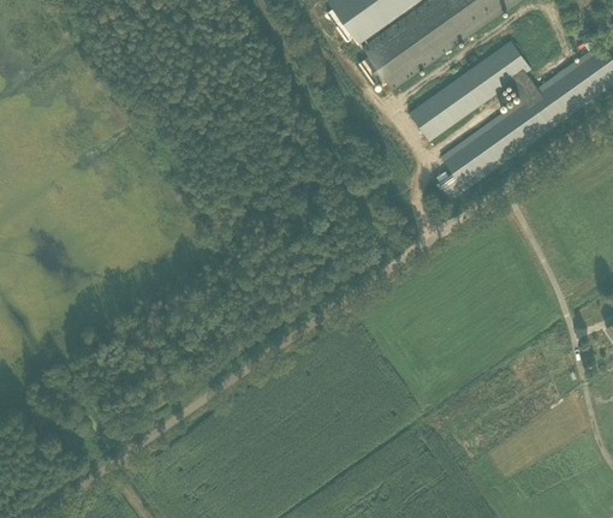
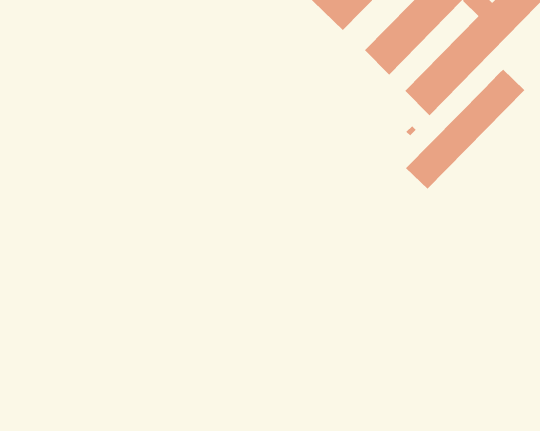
building: none -> [405,69,525,189]

